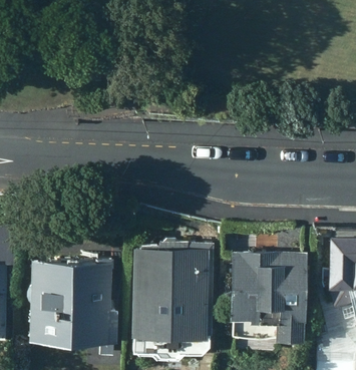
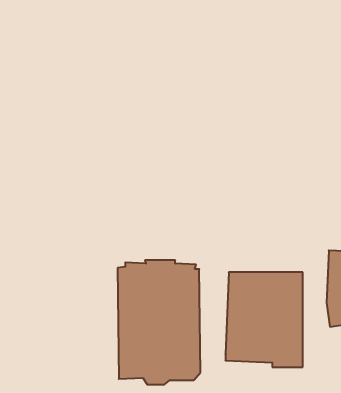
building: [30,264,118,359] -> none

